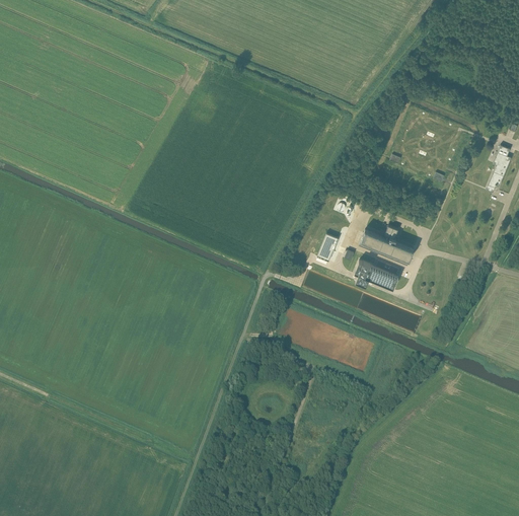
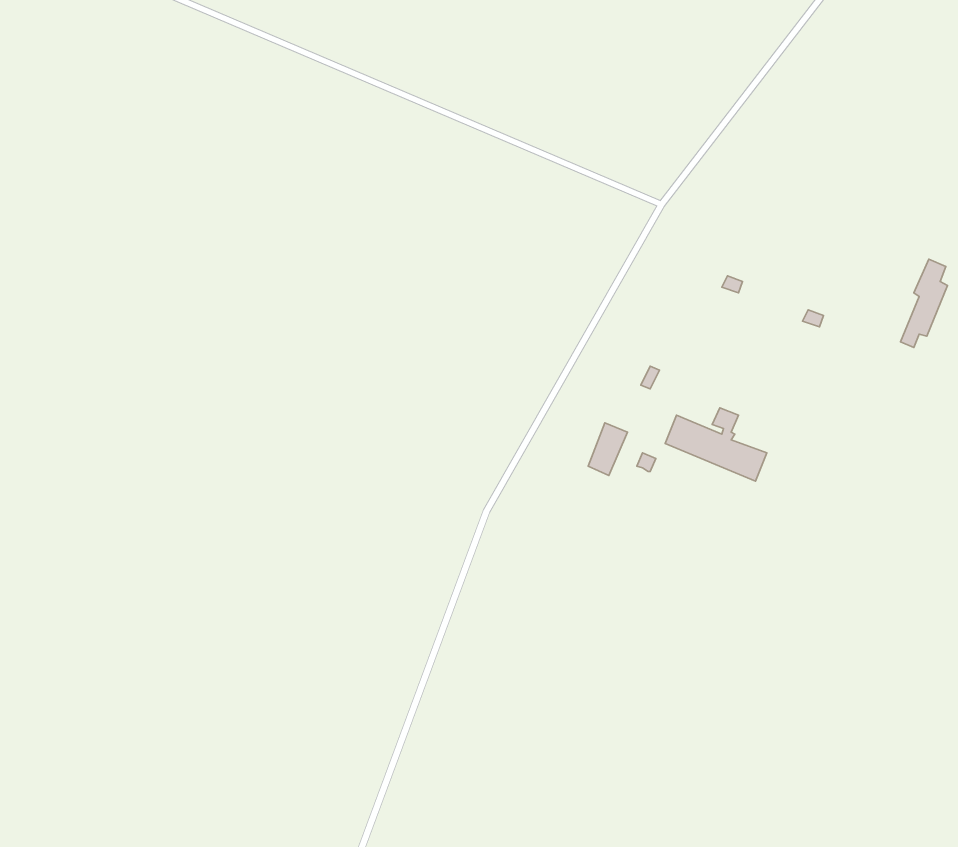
building: [353,261,398,288] -> none

